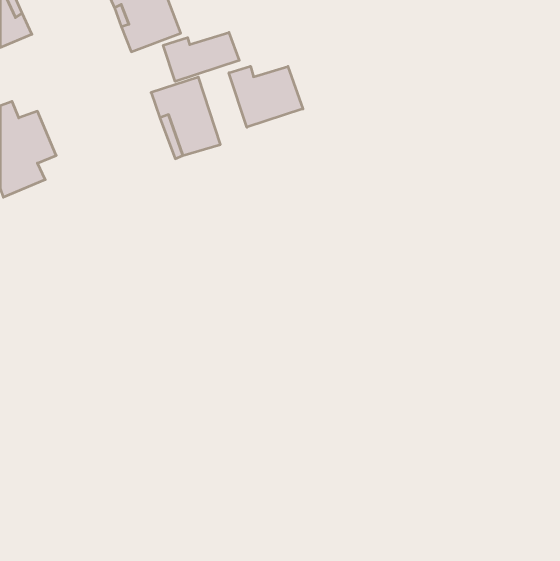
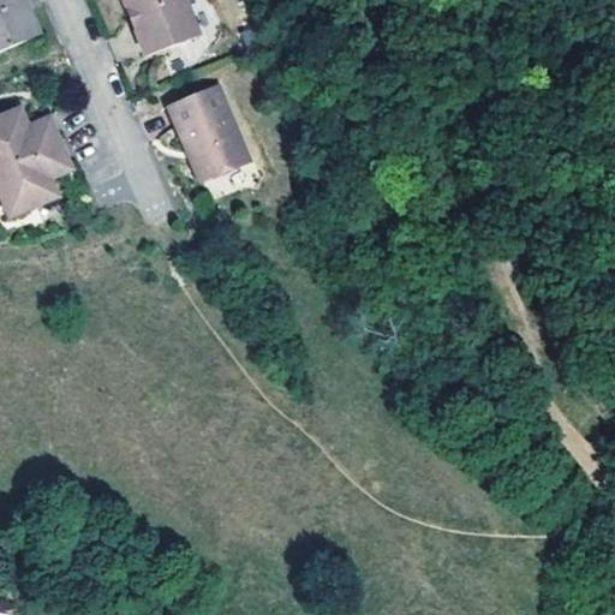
building: [163,32,239,81] -> none
building: [229,66,303,127] -> none

